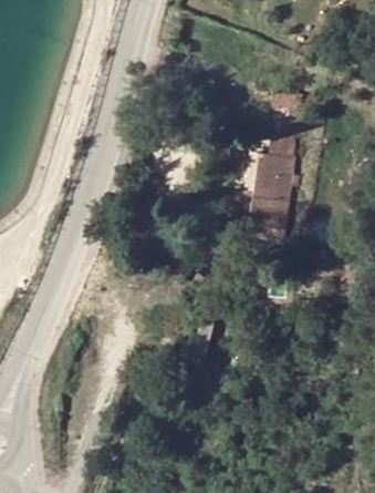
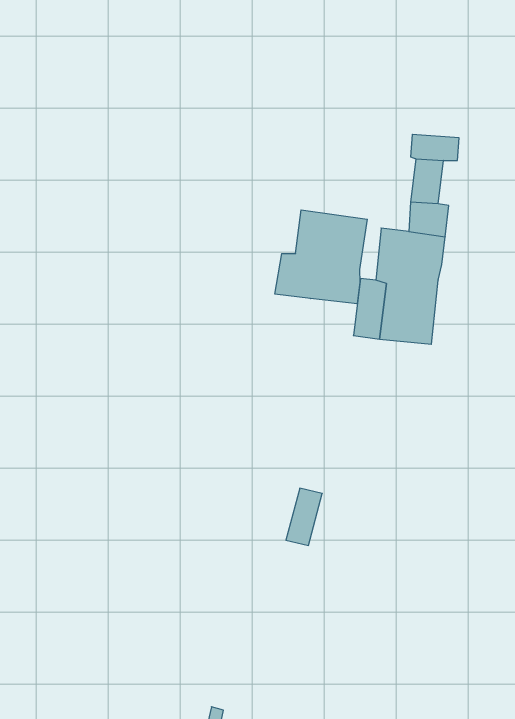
building: none -> [275,210,367,304]

